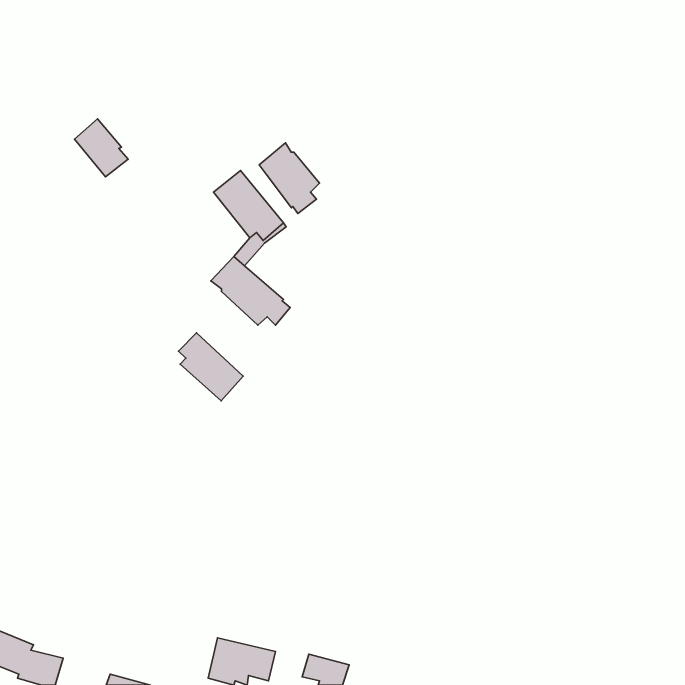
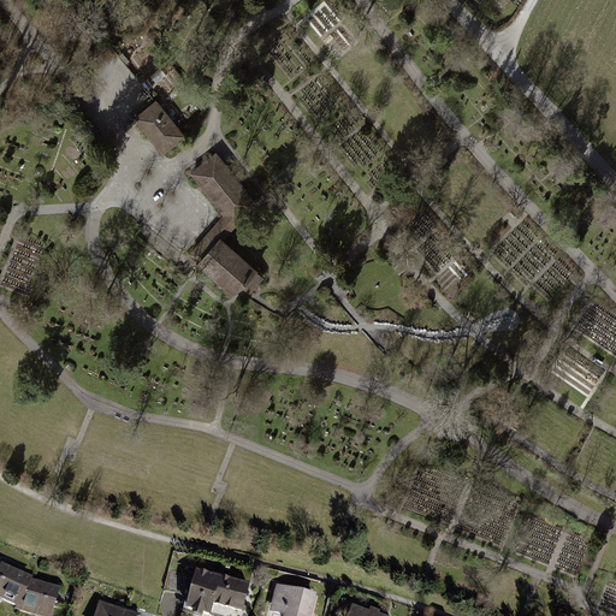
building: [75,119,128,177] -> [132,99,180,150]
building: [259,143,319,213] -> none
building: [179,333,243,401] -> none

